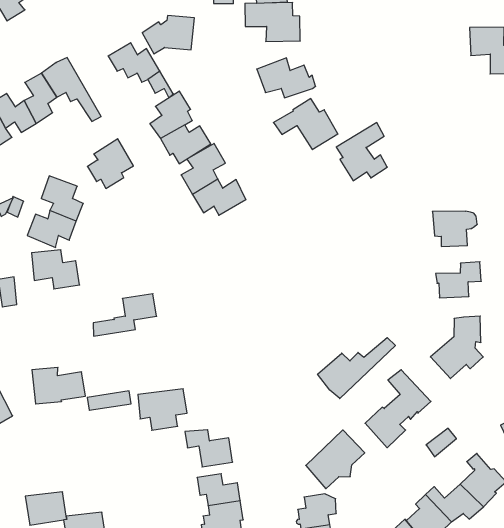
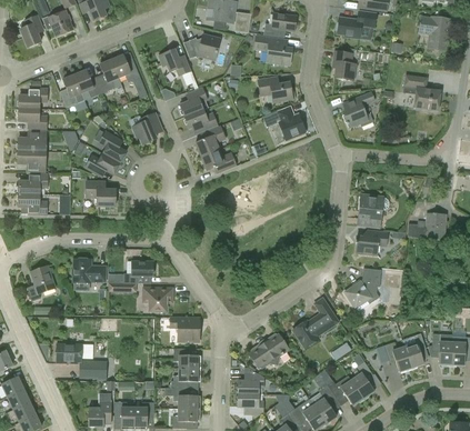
building: none -> [332,50,356,79]
building: [336,123,387,181] -> [341,90,374,127]
building: [93,294,157,336] -> [108,260,152,282]
building: [318,338,395,399] -> none

